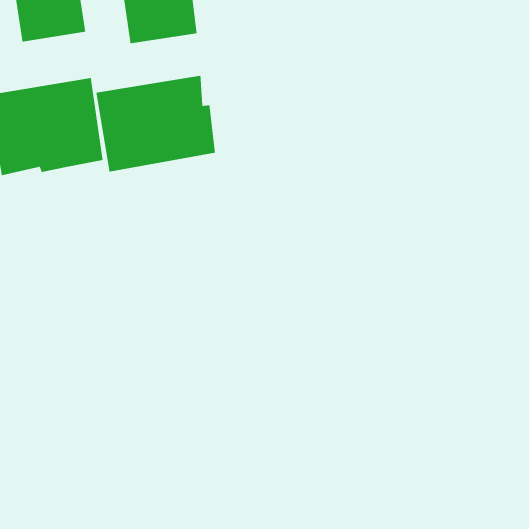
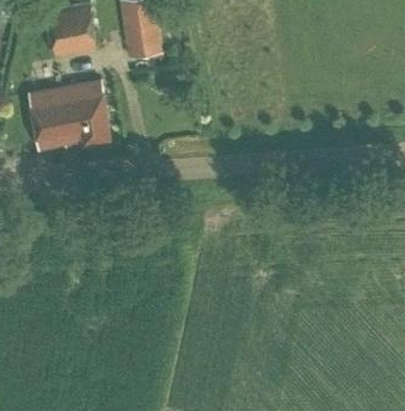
building: [95,75,216,172] -> none

